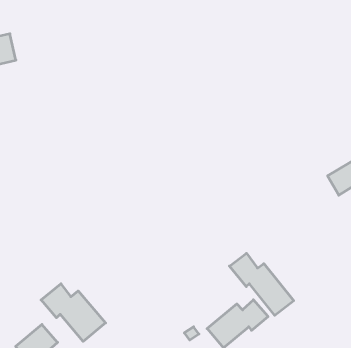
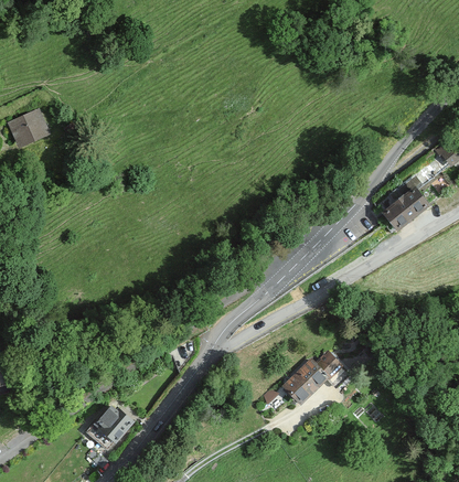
building: [229,253,294,315] -> none
building: [41,284,106,341] -> none

